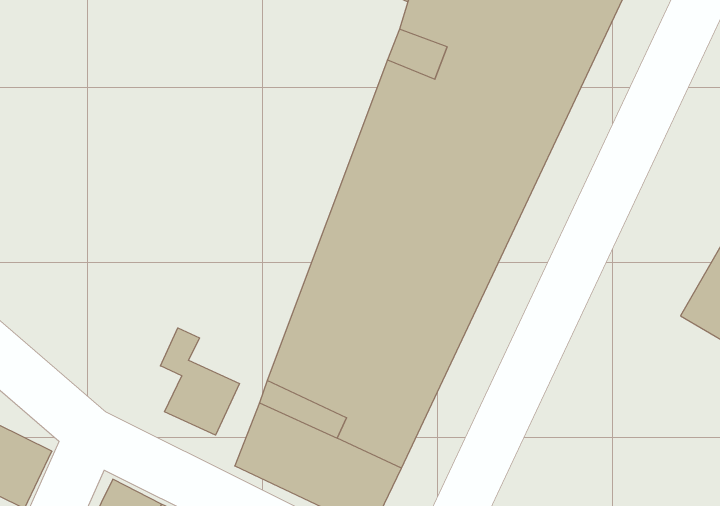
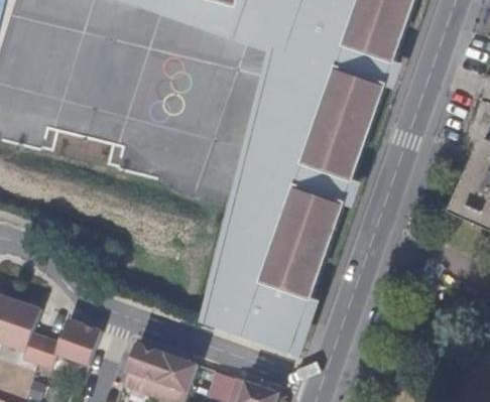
building: [160,328,240,435] -> none

